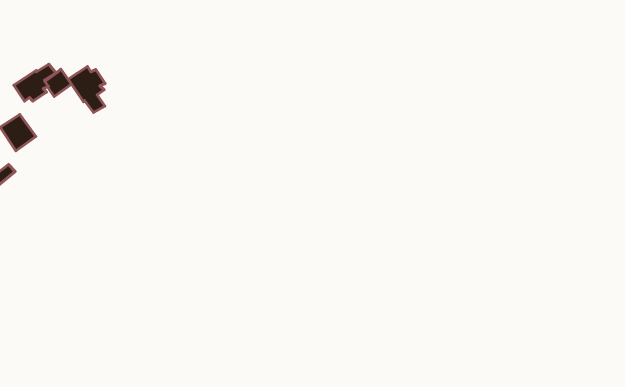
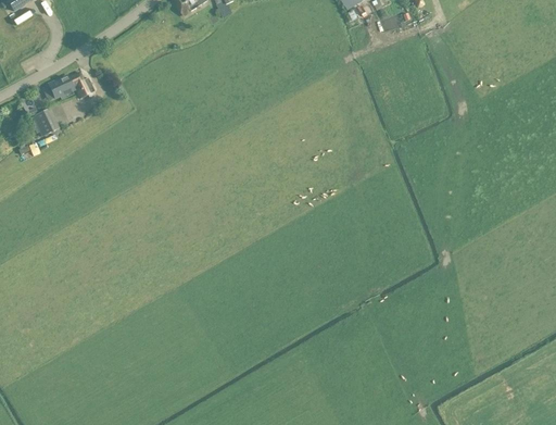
building: [68,67,105,112] -> none

